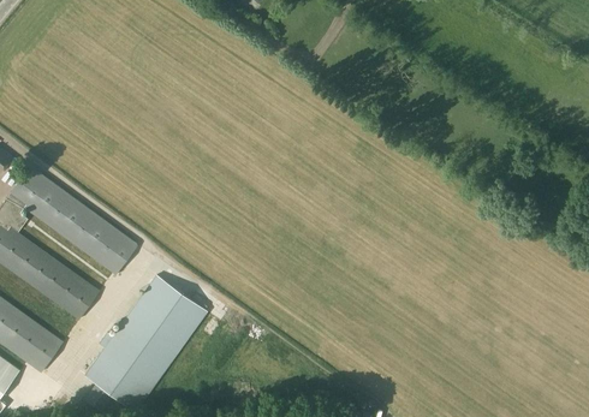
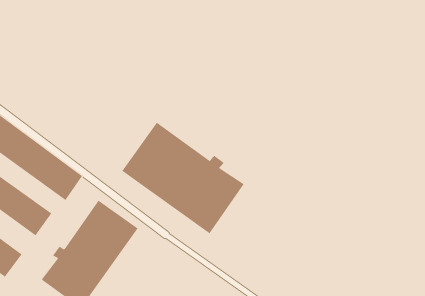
building: none -> [121,122,245,234]

